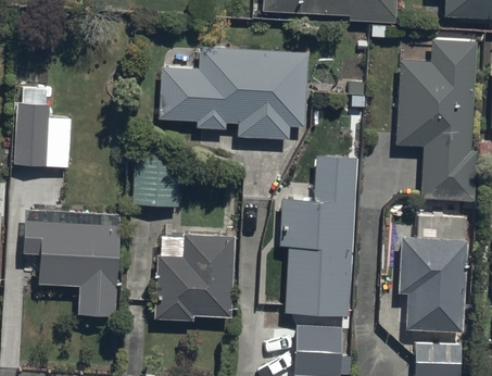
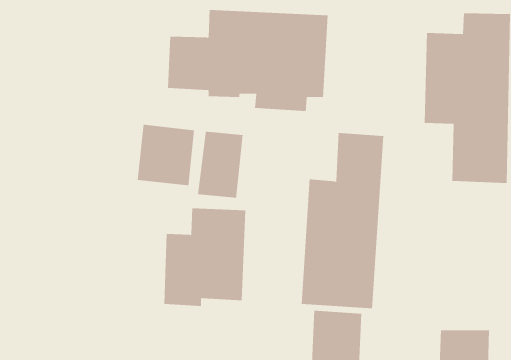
building: [12,86,71,165] -> none
building: none -> [198,131,243,198]
building: [20,208,117,311] -> none
building: [399,240,469,337] -> none

